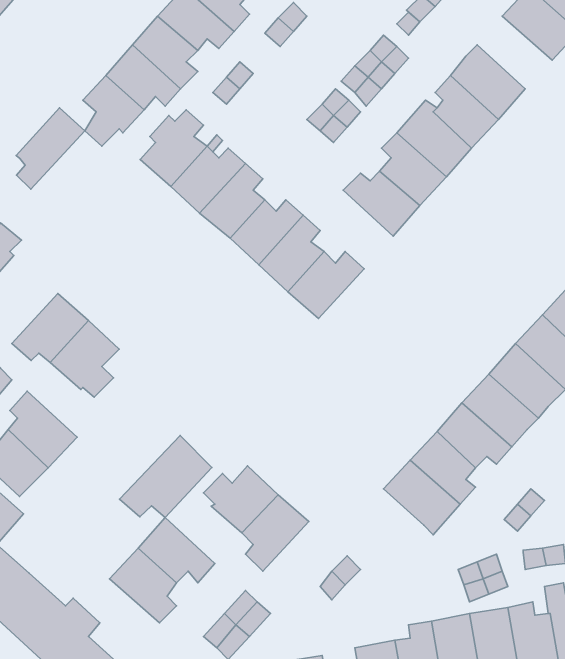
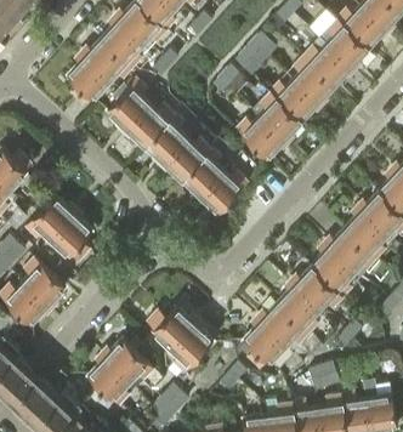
building: none -> [319,22,367,68]
building: [16,108,85,189] -> none
building: [120,435,212,518] -> none
building: none -> [243,322,285,369]

